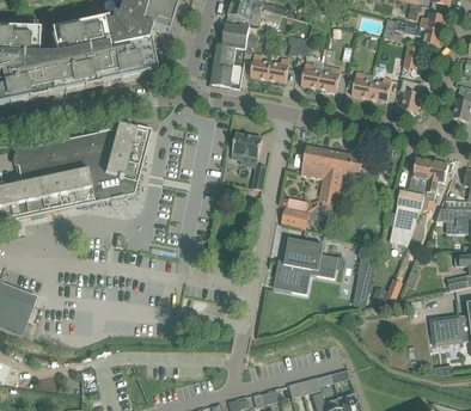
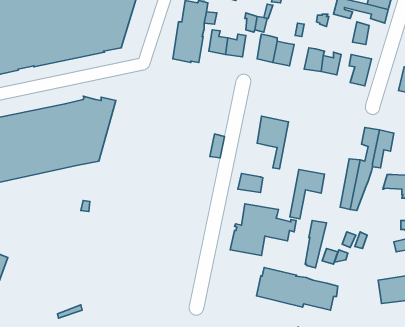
building: [231,131,262,159] -> none
building: [325,151,362,203] -> [290,170,325,219]
building: none -> [257,268,338,310]

